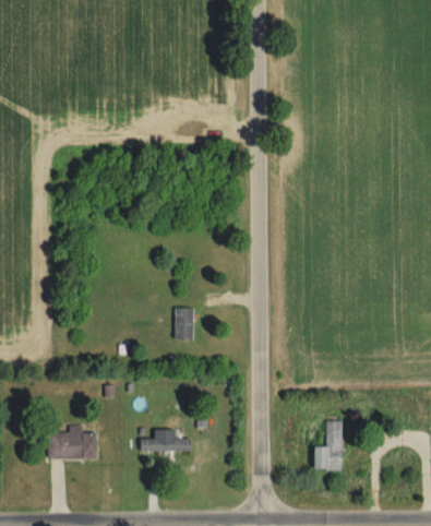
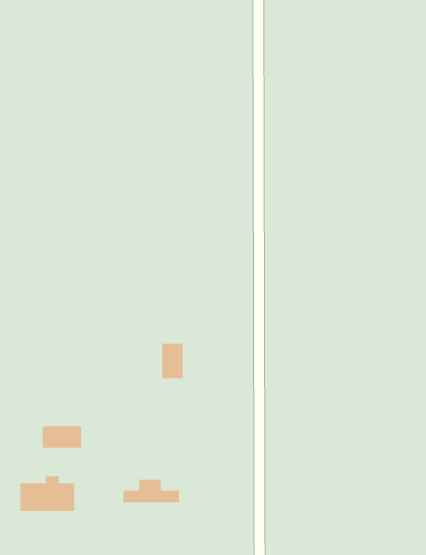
building: none -> [42,425,82,449]
building: [311,421,342,470] -> none

